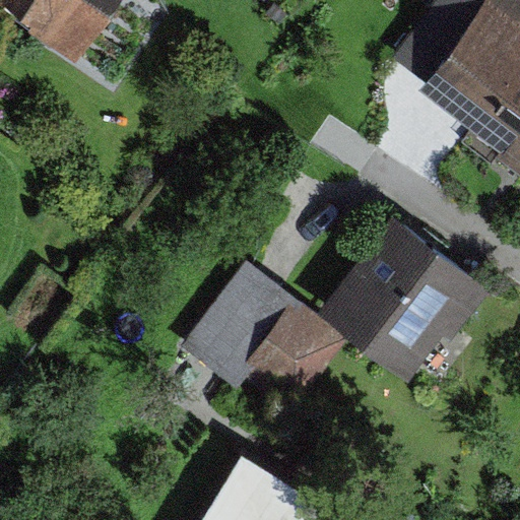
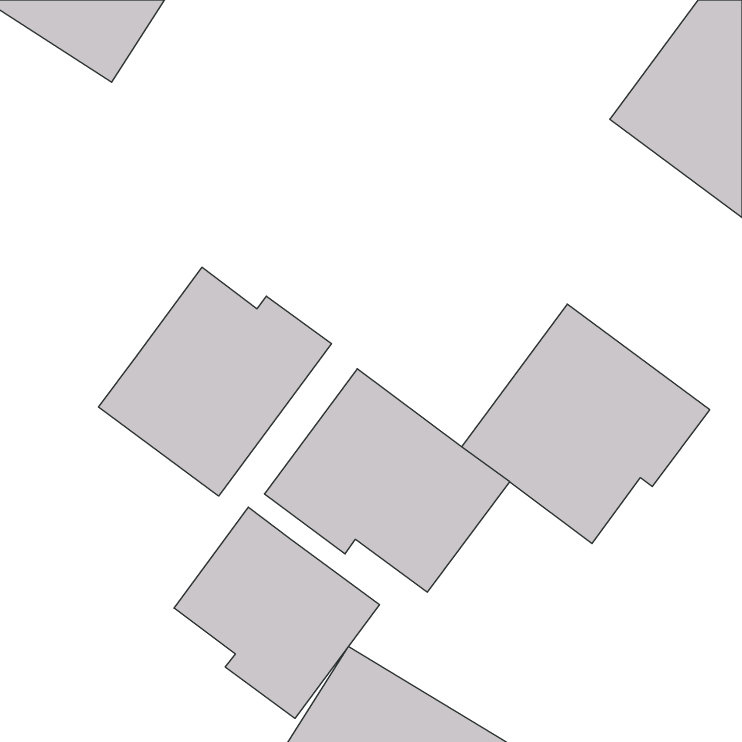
building: none -> [98,267,331,496]
building: none -> [174,507,379,718]

